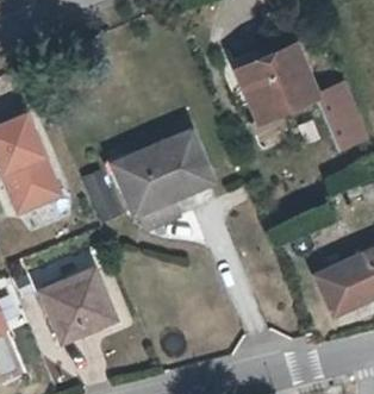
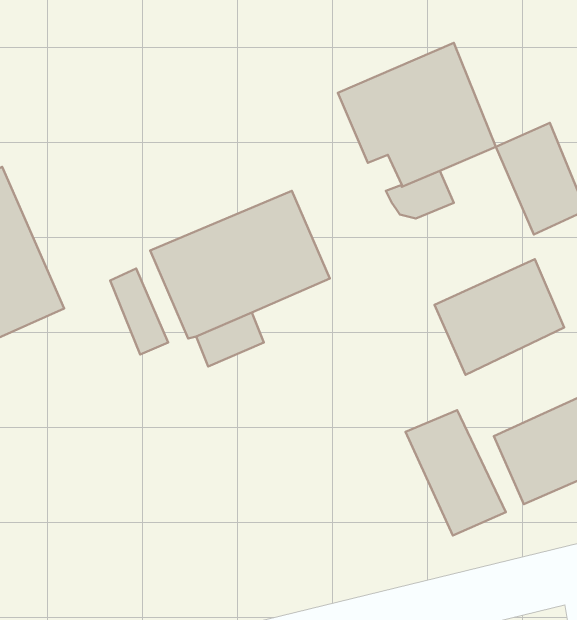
building: none -> [434,259,564,375]
building: none -> [406,410,506,535]
building: [39,265,120,344] -> none

